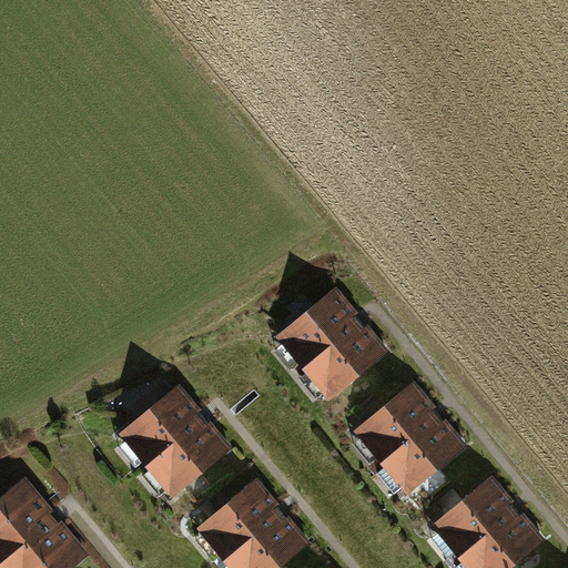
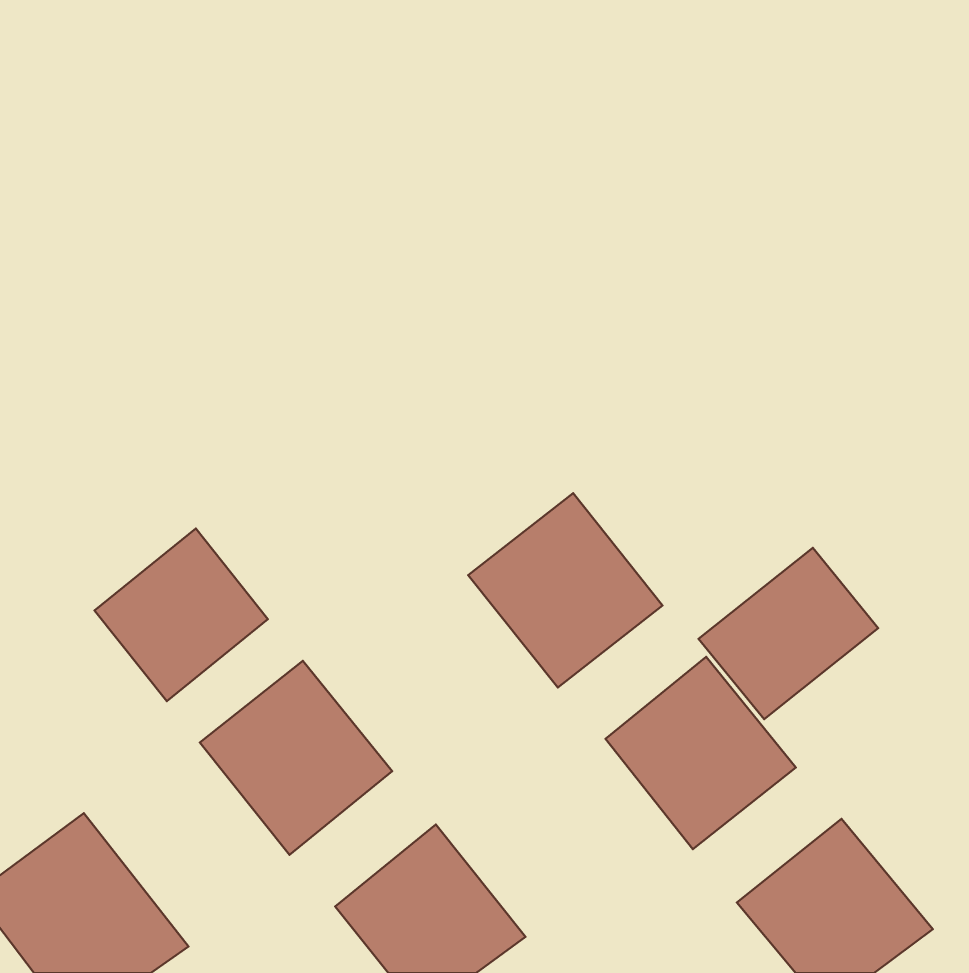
building: none -> [94,529,268,701]
building: none -> [699,548,878,719]

